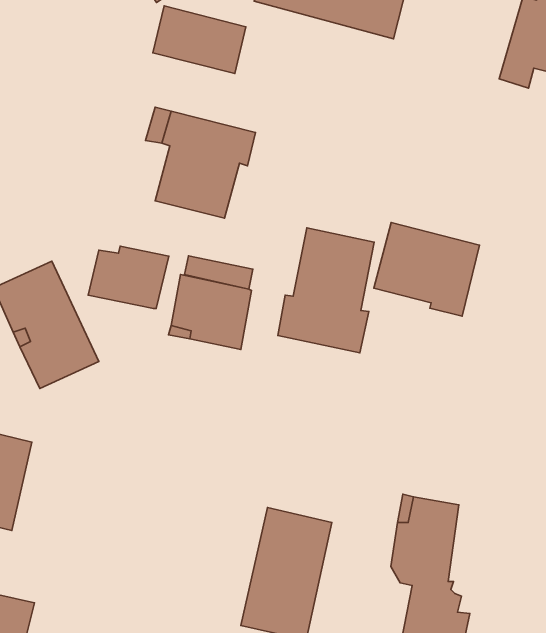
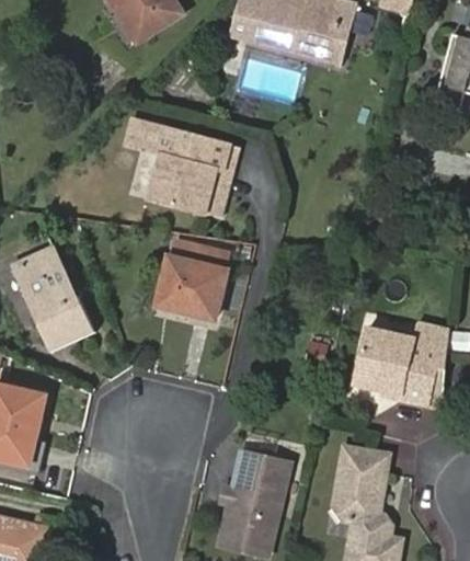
building: [153,6,246,74] -> none
building: [374,222,479,316] -> [355,323,442,400]
building: [278,228,374,353] -> none
building: [88,246,169,309] -> none

